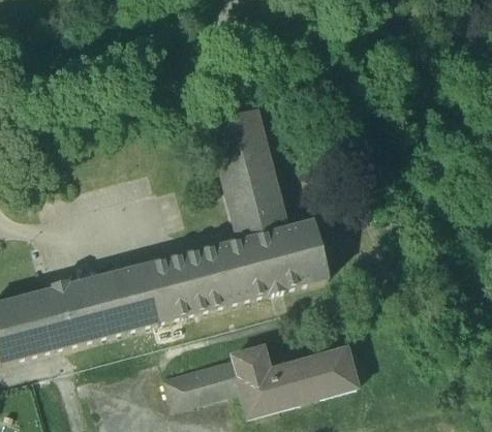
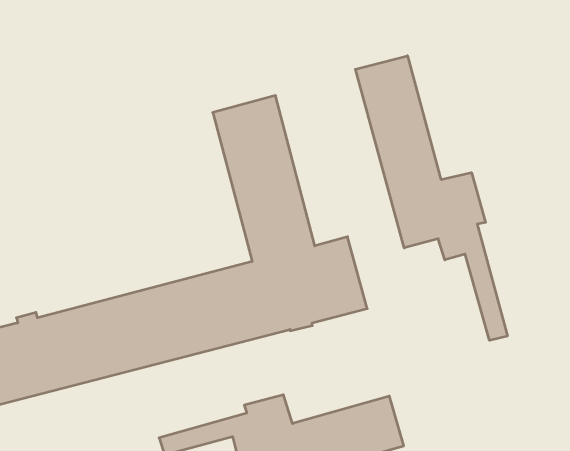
building: none -> [355,56,507,340]

